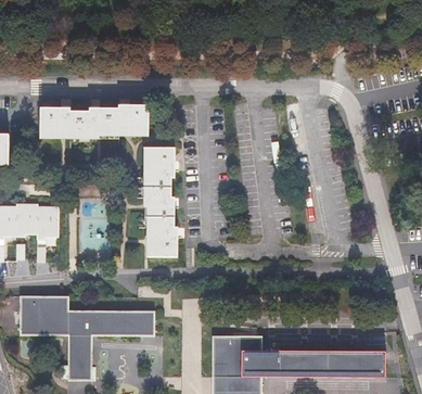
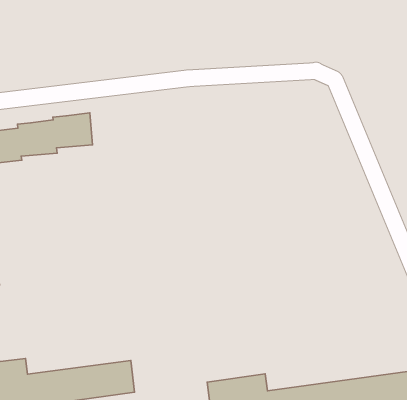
building: [141,148,174,255] -> none

